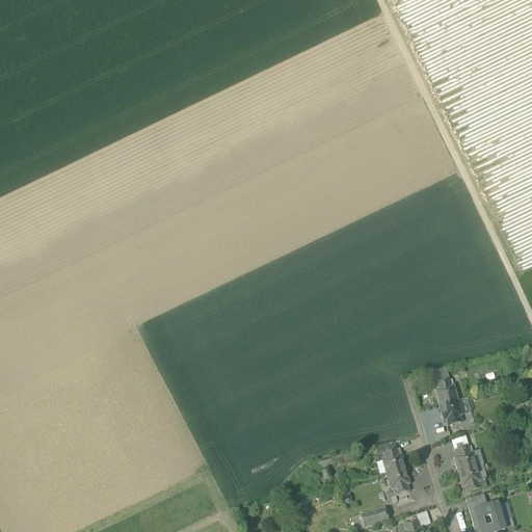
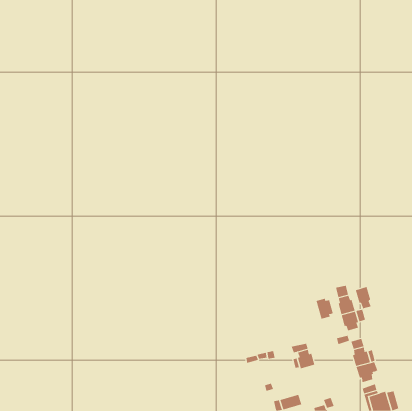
building: none -> [355,286,371,309]
building: none -> [316,298,334,319]
building: [387,470,410,496] -> none

